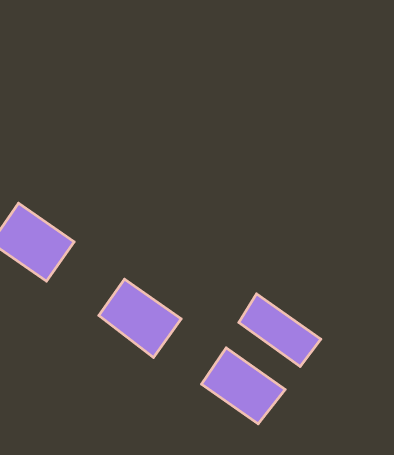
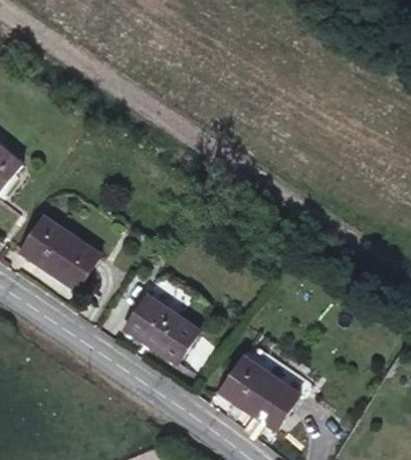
building: [239,294,321,367] -> none

